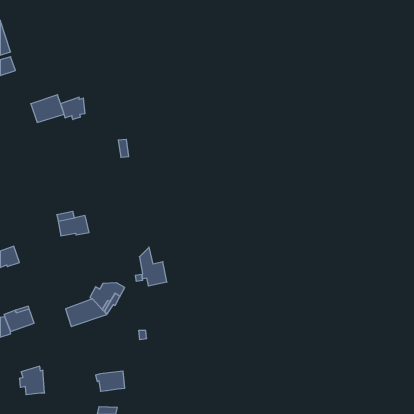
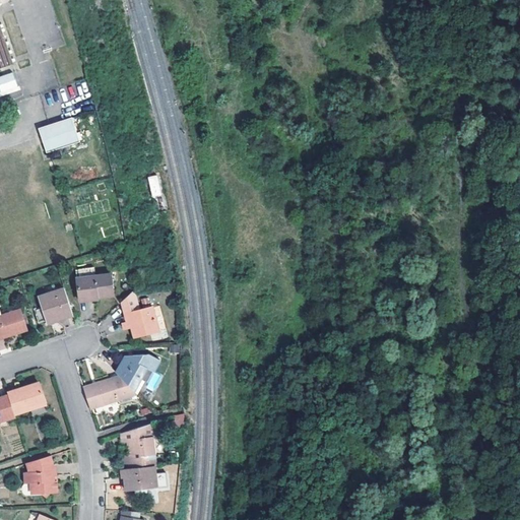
building: [60,97,85,120] -> none
building: none -> [36,288,70,323]
building: [139,247,167,286] -> [121,287,155,336]
building: none -> [119,424,155,468]

